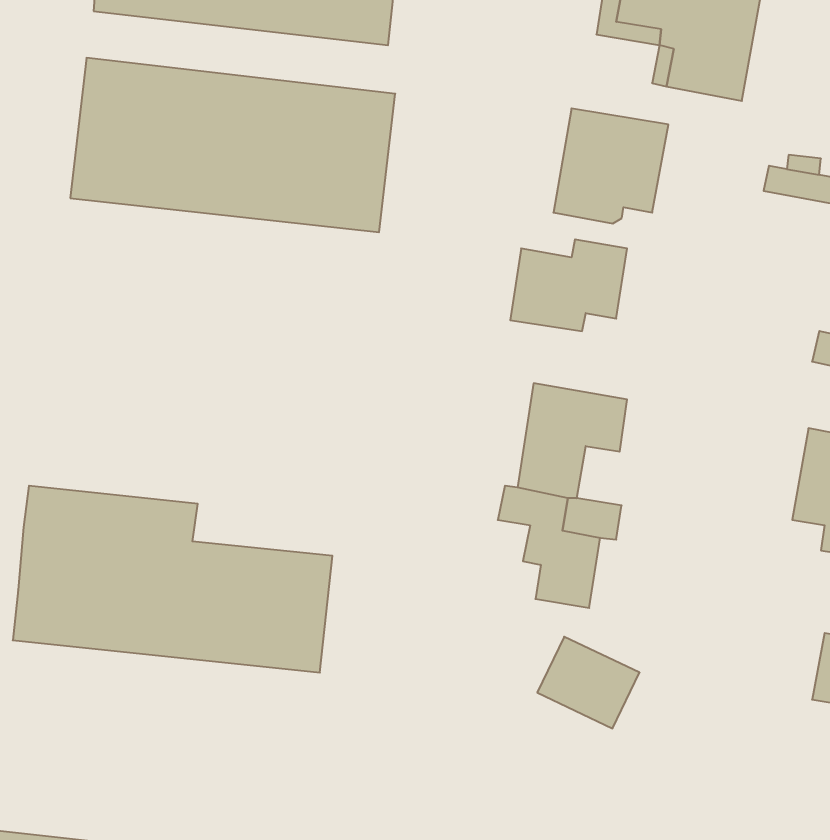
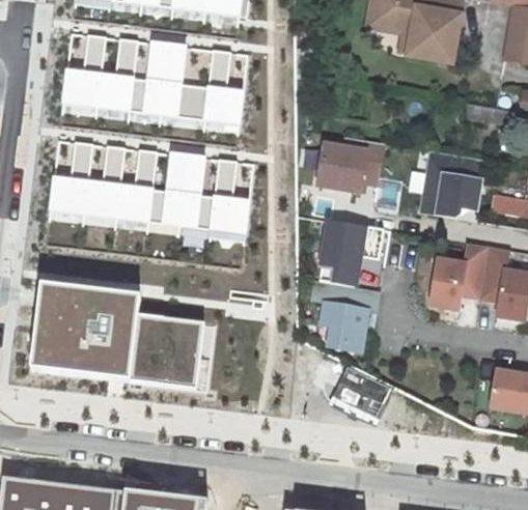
building: [553,108,668,223] -> [420,152,487,219]
building: none -> [48,141,253,245]
building: none -> [429,245,489,312]

